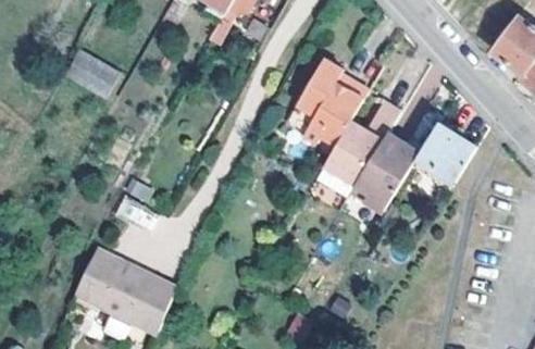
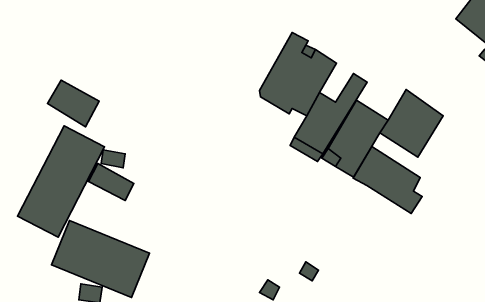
building: [66,50,120,98] -> [48,80,99,127]
building: none -> [18,126,105,237]
building: none -> [353,147,422,214]

